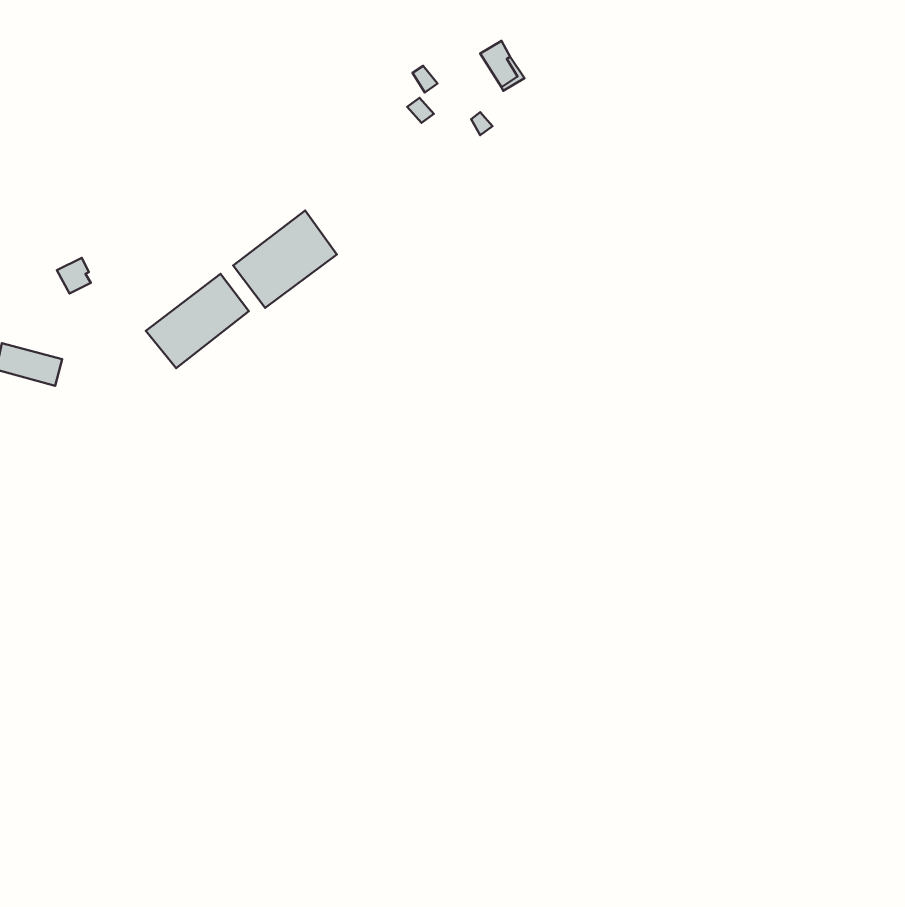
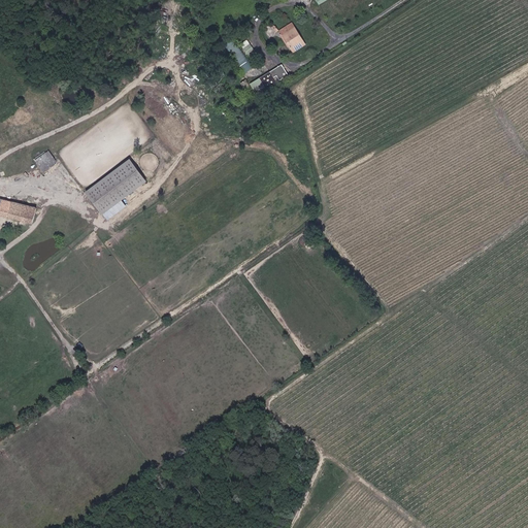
building: [233,211,337,308] -> none

